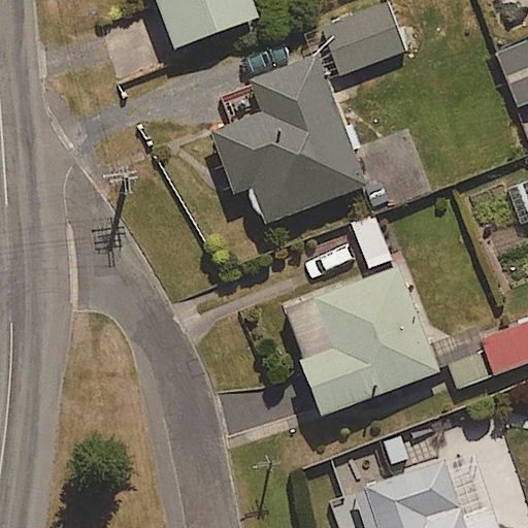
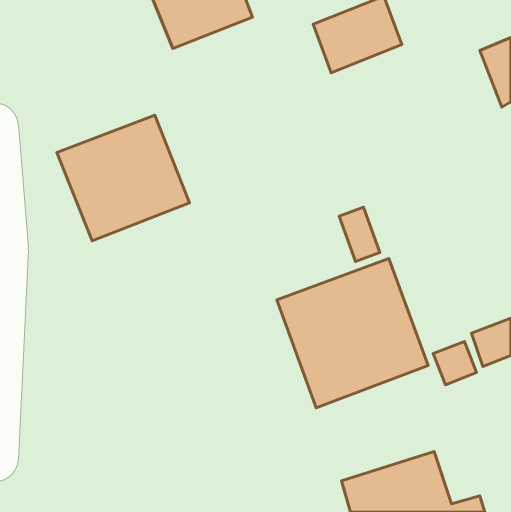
building: [209,57,366,225] -> none
building: none -> [57,115,189,241]

